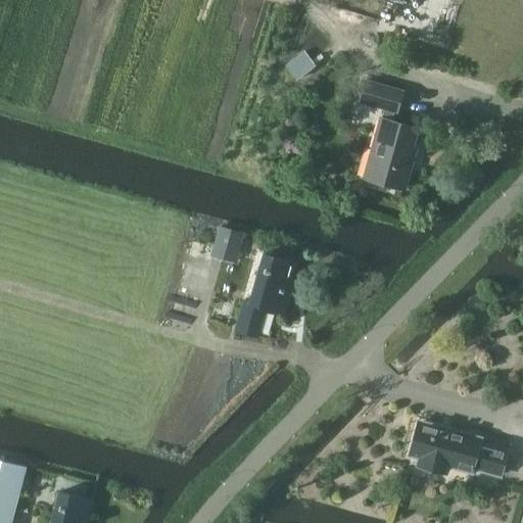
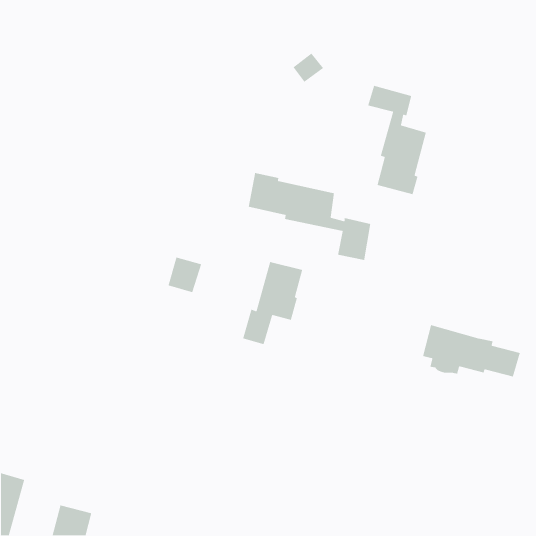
building: none -> [248,172,371,261]
building: [211,227,245,263] -> [167,257,202,293]
building: [411,423,507,475] -> [422,324,521,378]

